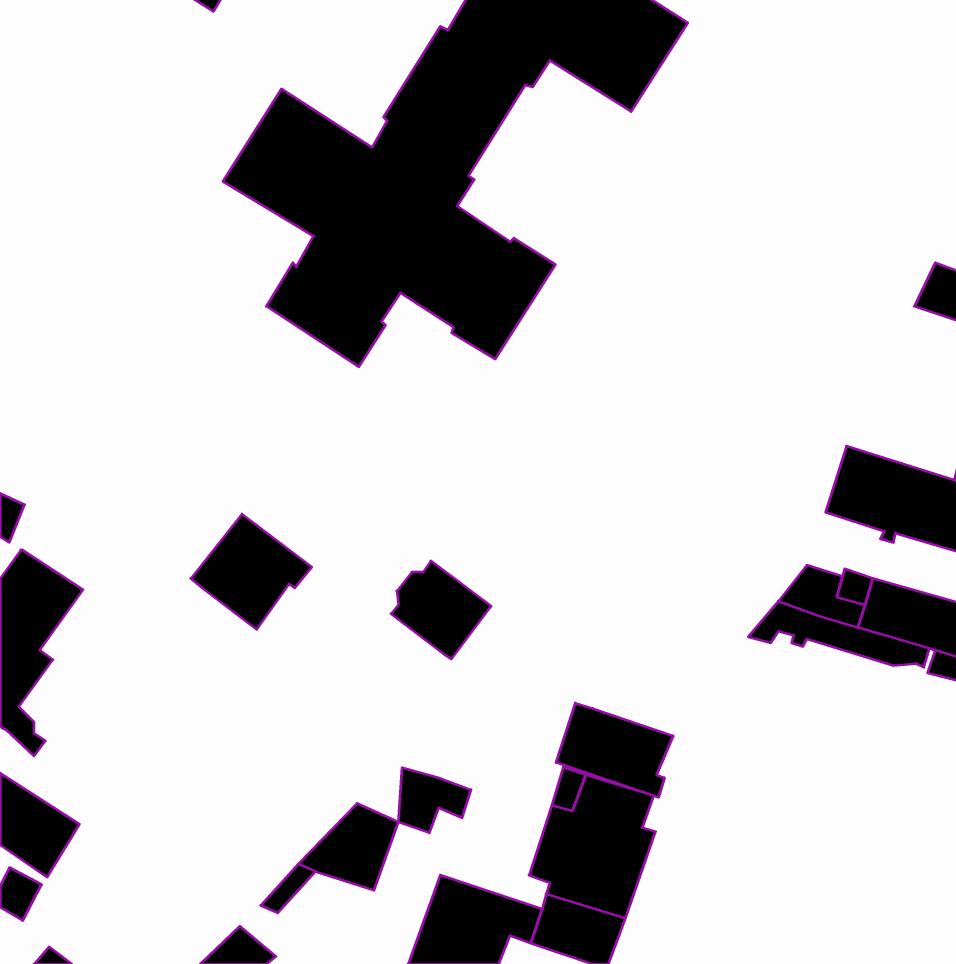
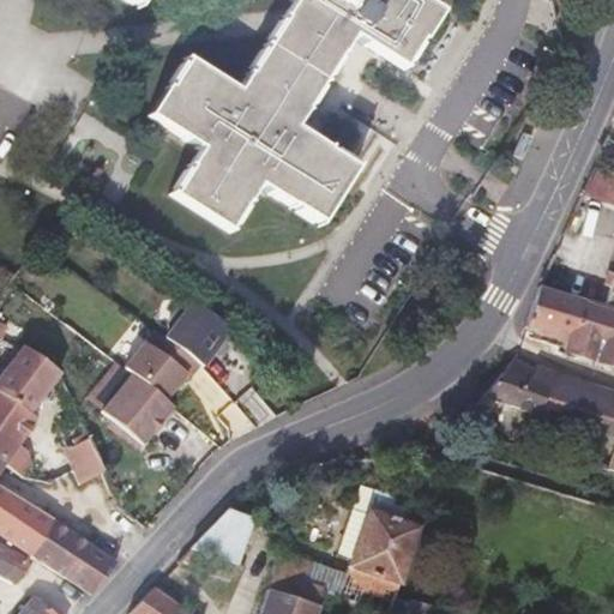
building: [391,561,491,659] -> [169,300,233,362]
building: none -> [106,373,180,444]
building: none -> [66,426,107,487]
building: [556,703,673,797] -> none
building: [399,768,471,833] -> none
building: none -> [36,523,122,596]

